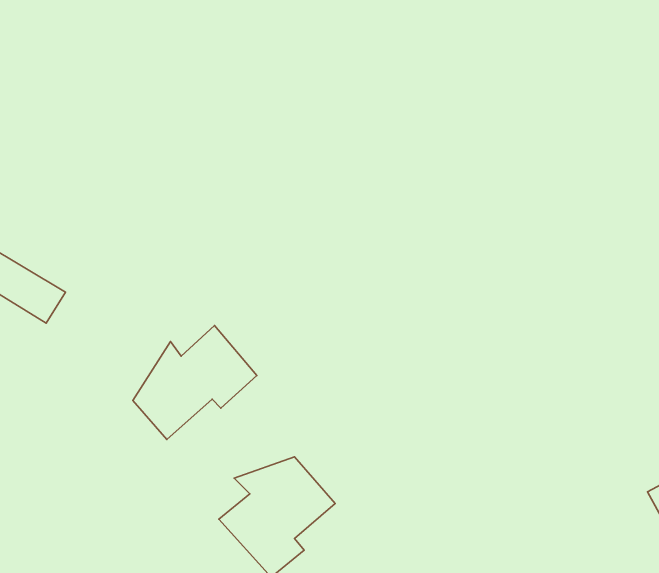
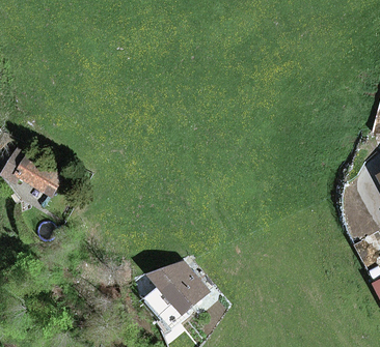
building: [133,326,257,440] -> none

